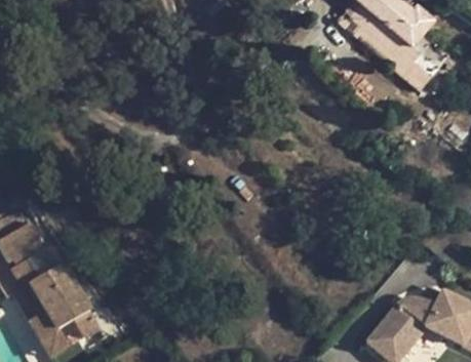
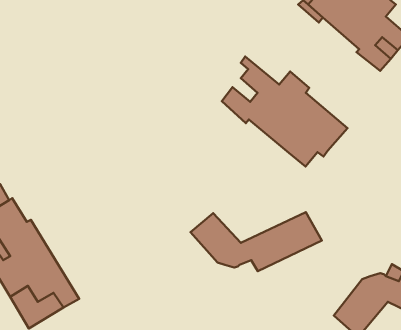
building: none -> [222,57,347,166]
building: none -> [191,212,322,271]

